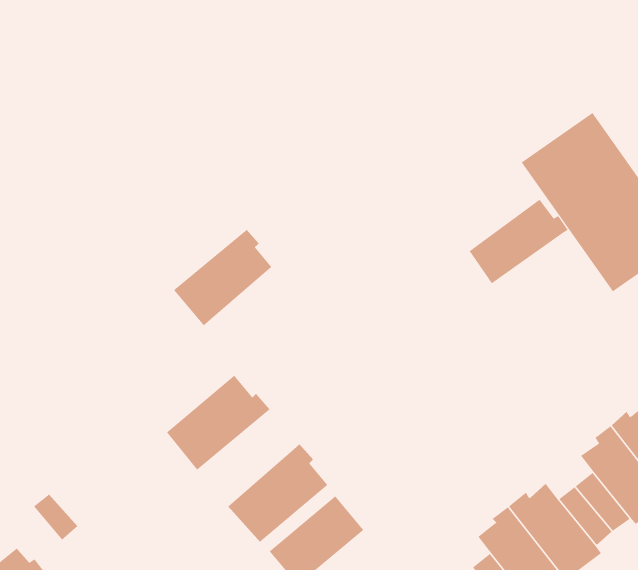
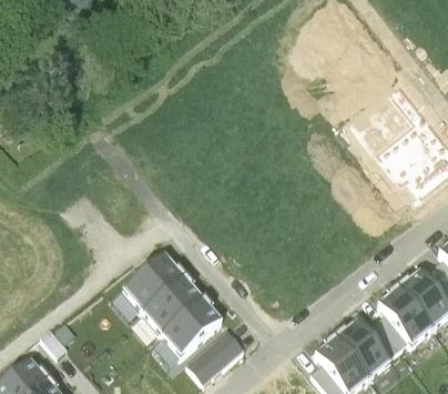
building: [469,199,568,284] -> none
building: [173,229,272,326] -> [142,273,203,333]

